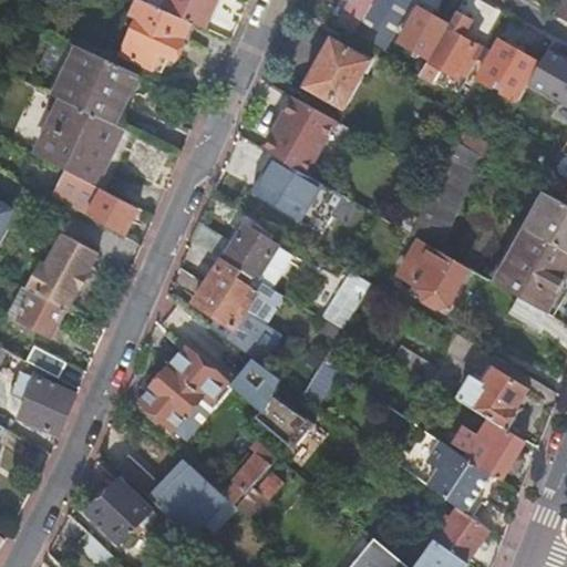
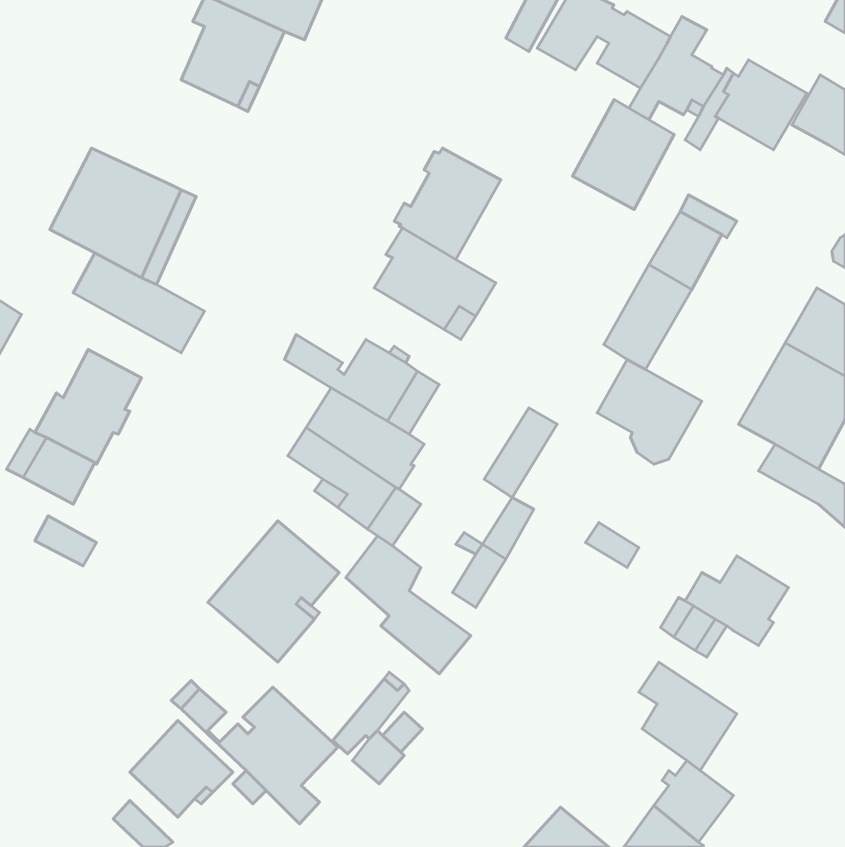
building: [301,37,369,110] -> [573,100,674,209]
building: [53,45,138,123] -> none
building: [9,371,73,433] -> none
building: [464,420,524,481] -> none

